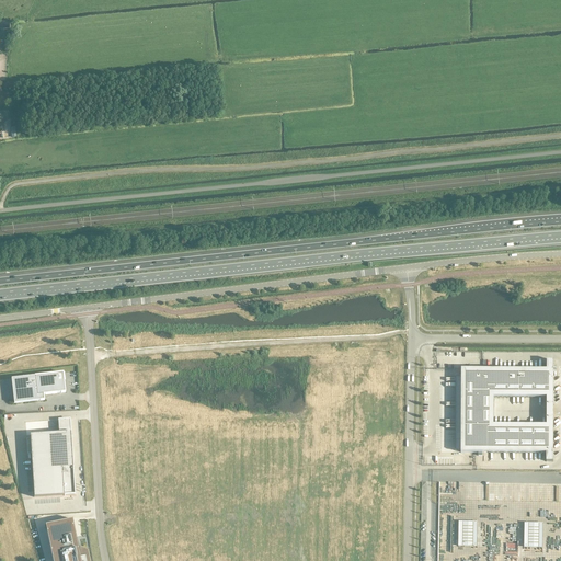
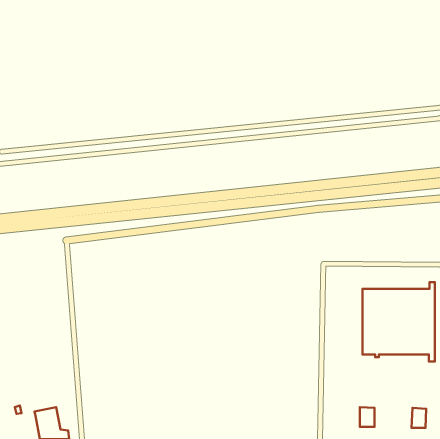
building: [10,370,64,402] -> none
building: [28,417,73,495] -> none

